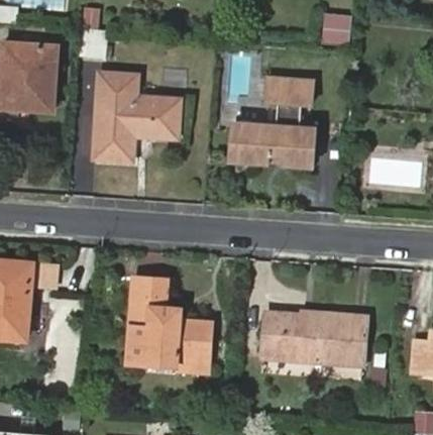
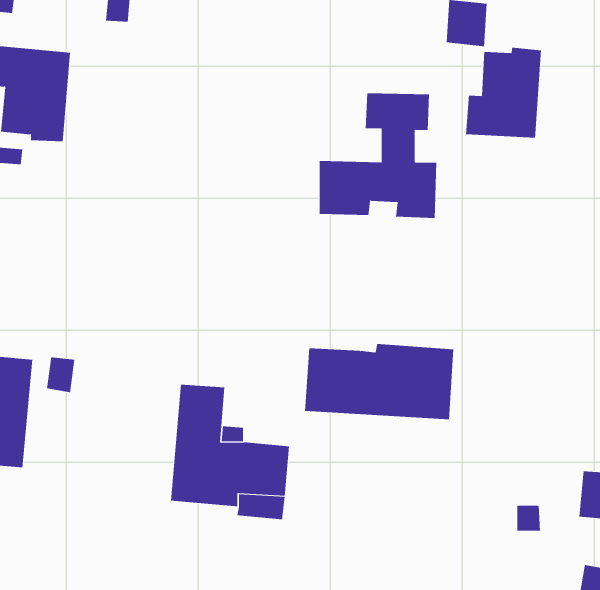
building: none -> [466,47,541,138]
building: [97,75,181,160] -> none
building: [263,312,368,365] -> [304,343,454,420]

